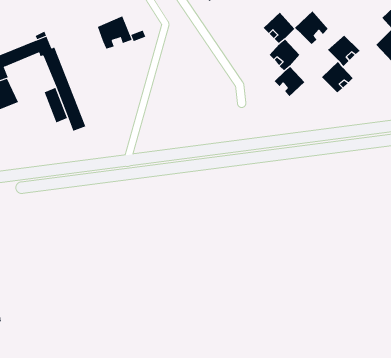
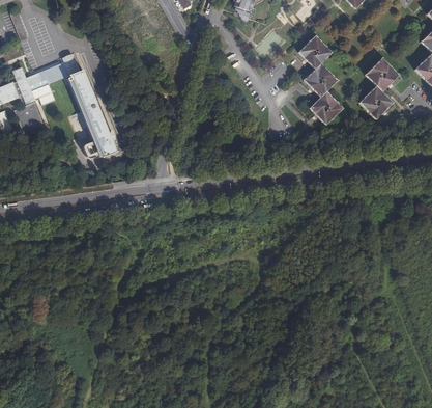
building: [294,10,329,45] -> none
building: [97,15,132,50] -> none

